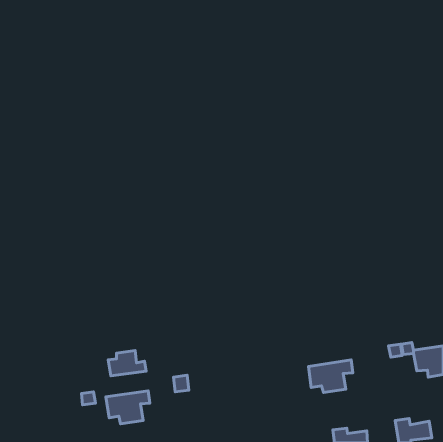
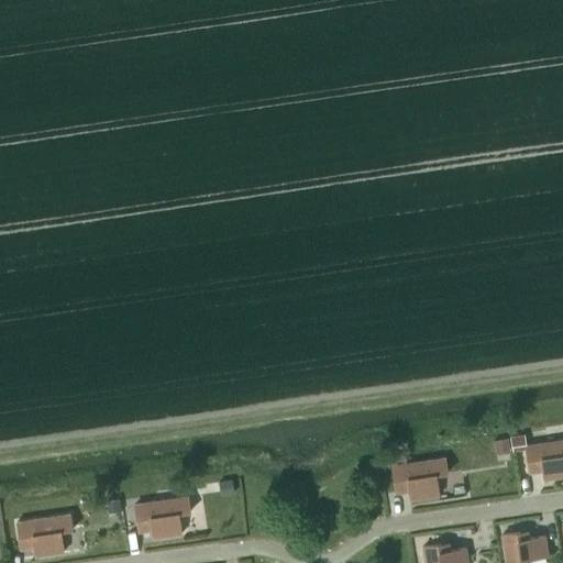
building: [108,351,146,376] -> none
building: none -> [16,515,73,556]

